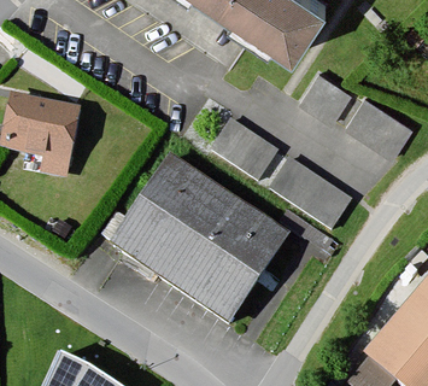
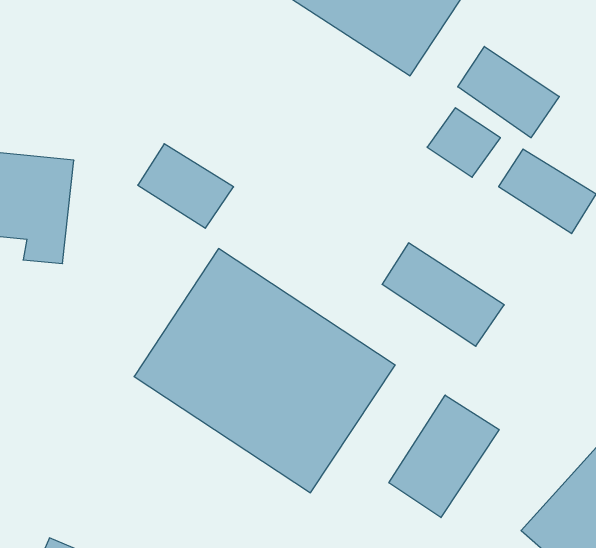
building: none -> [458,46,559,138]
building: [216,124,277,179] -> [138,144,234,228]
building: none -> [389,395,499,518]

